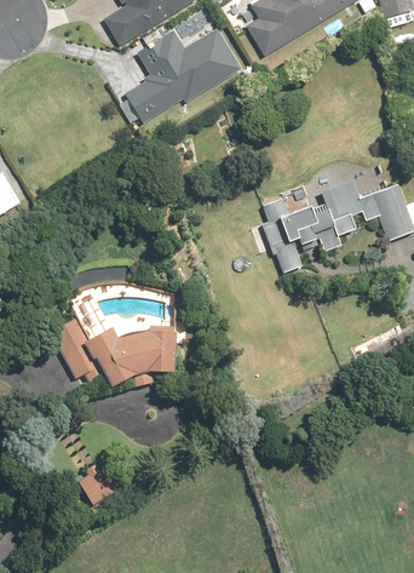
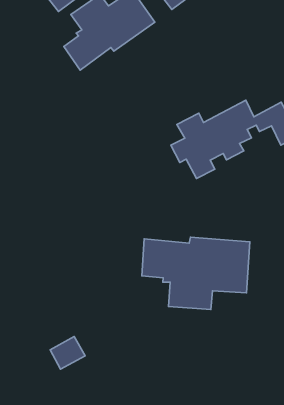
building: [45,311,173,388] -> none
building: none -> [142,237,250,309]

